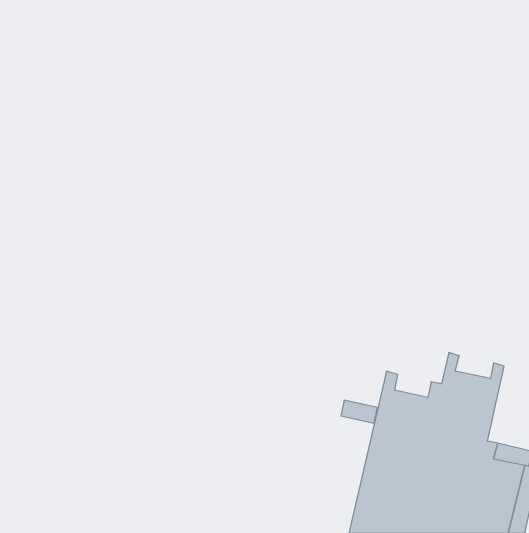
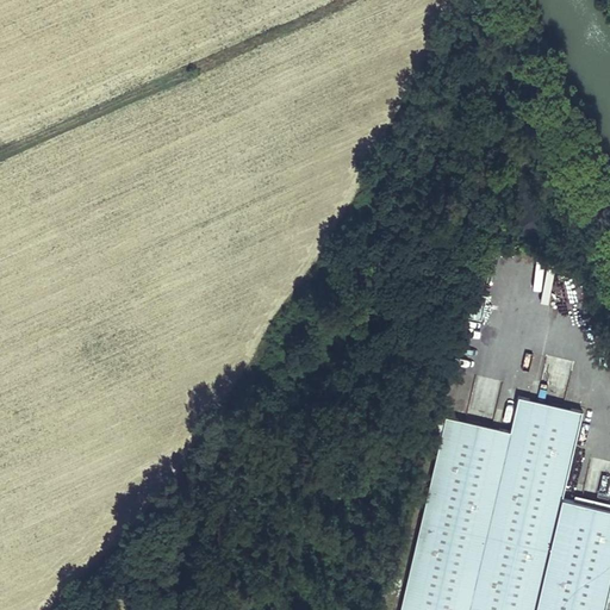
building: none -> [524,406,568,432]
building: [341,400,377,423] -> [455,428,497,454]

